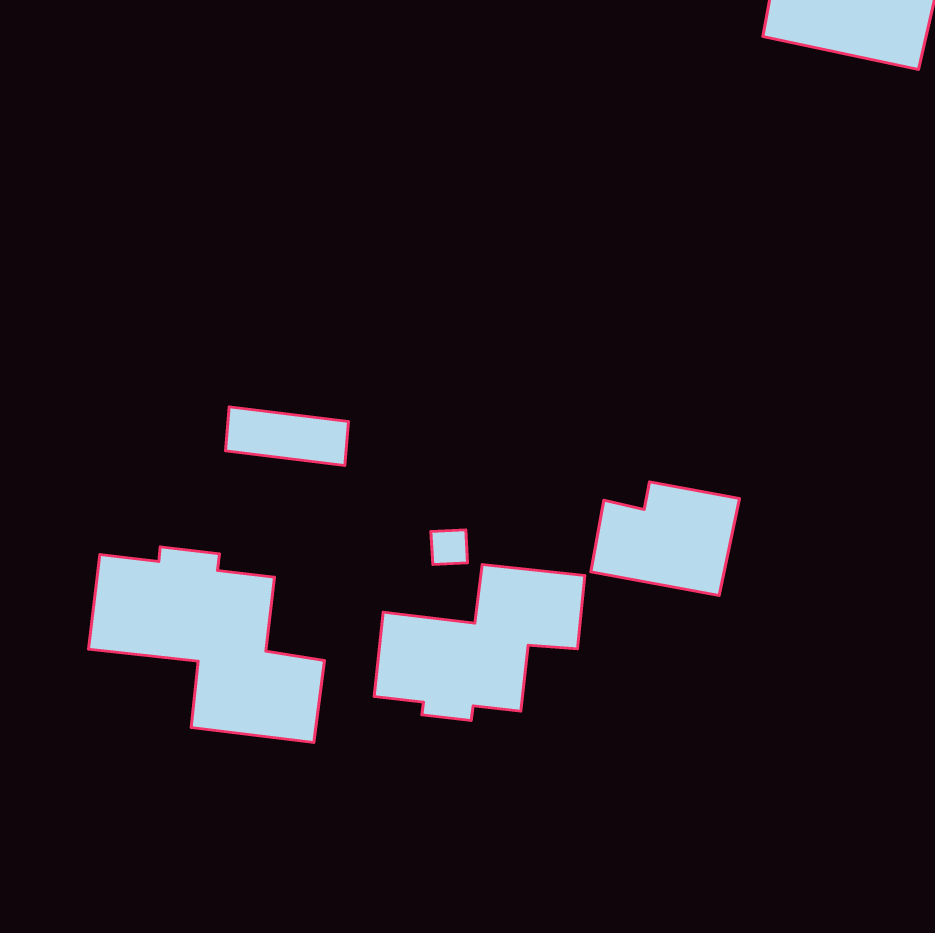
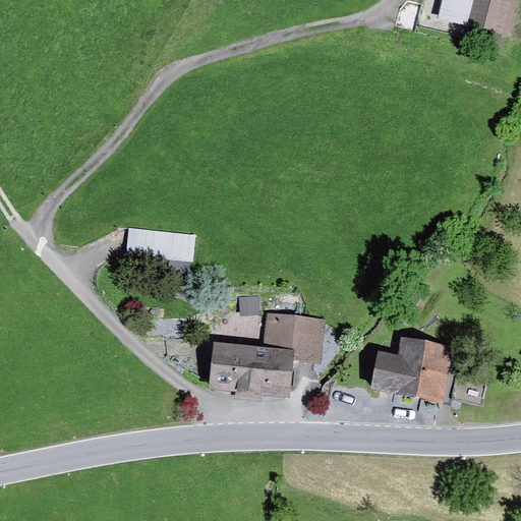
building: [591,482,739,595] -> [369,338,452,401]
building: [88,547,324,743] -> none

